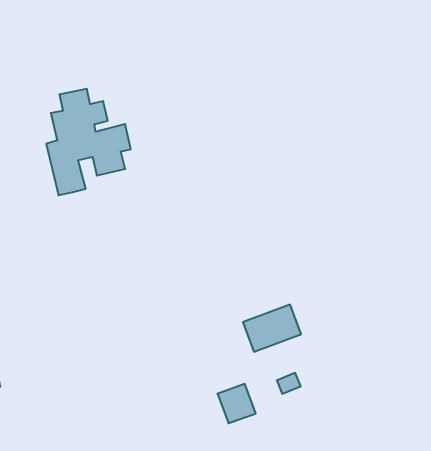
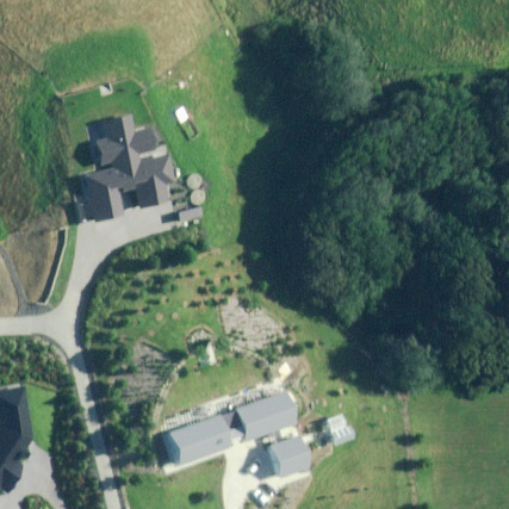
building: [243,305,301,352] -> [232,390,296,441]
building: none -> [163,416,226,466]

